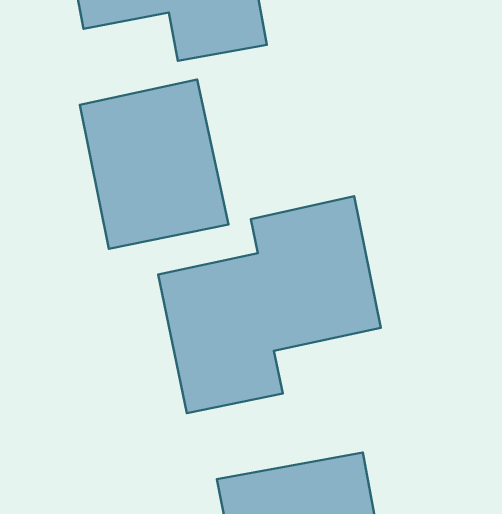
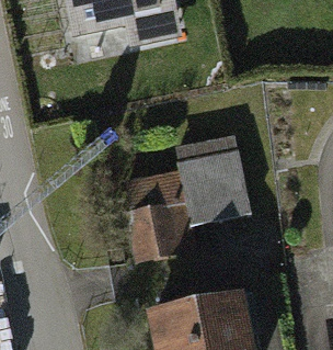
building: [80,79,228,249] -> none

